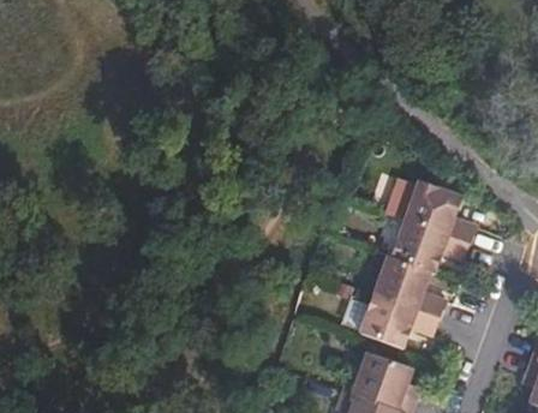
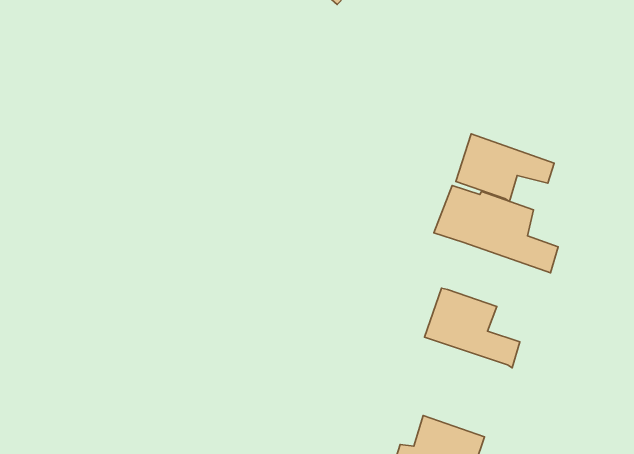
building: [385,216,462,269] -> [456,134,554,201]
building: [354,291,432,342] -> none

